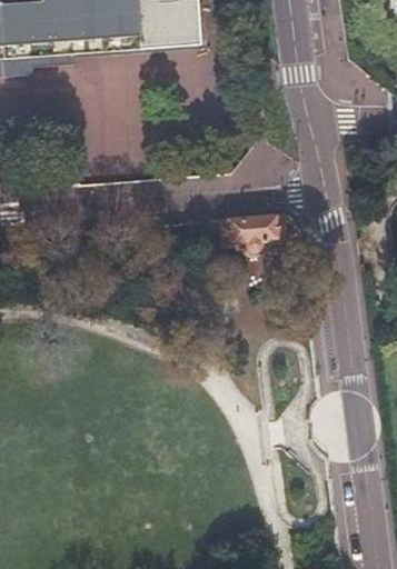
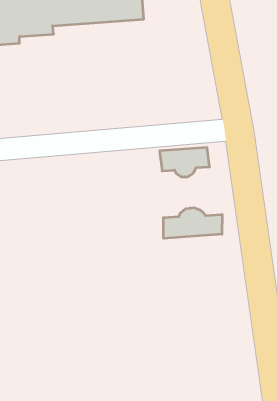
building: none -> [163,208,222,238]

